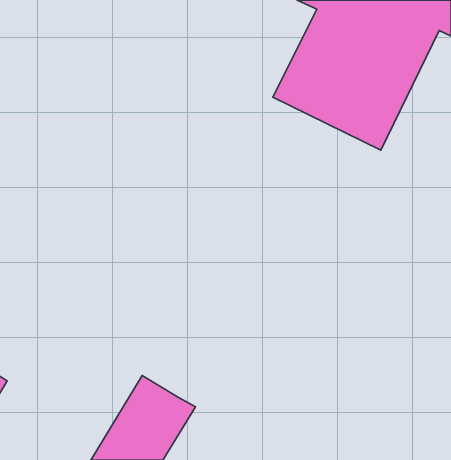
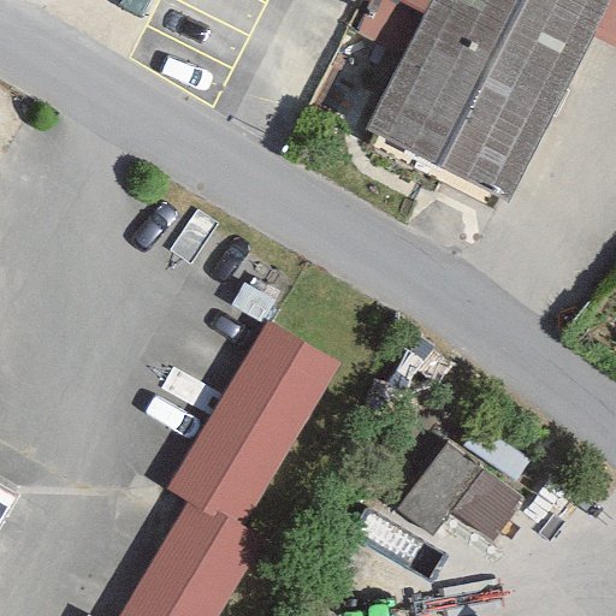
building: none -> [170,330,334,532]
building: none -> [392,430,519,528]

